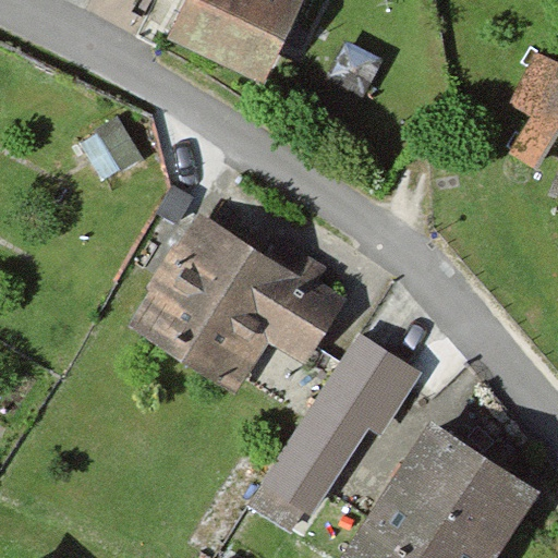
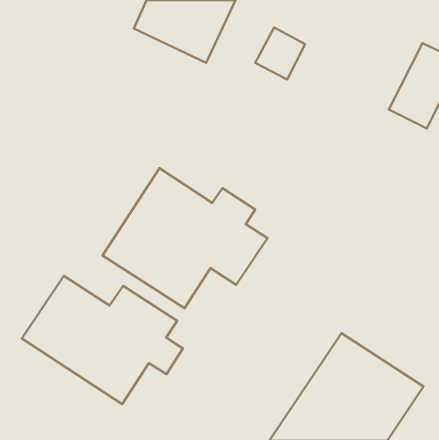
building: [248,337,416,529] -> none
building: none -> [22,276,183,404]

